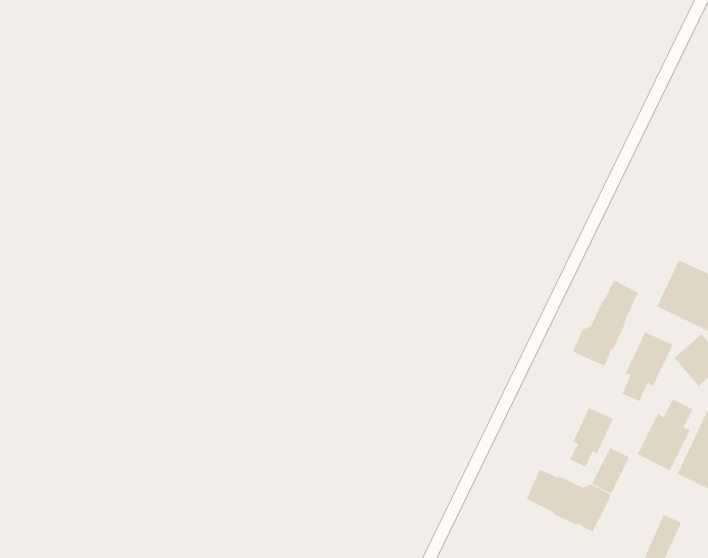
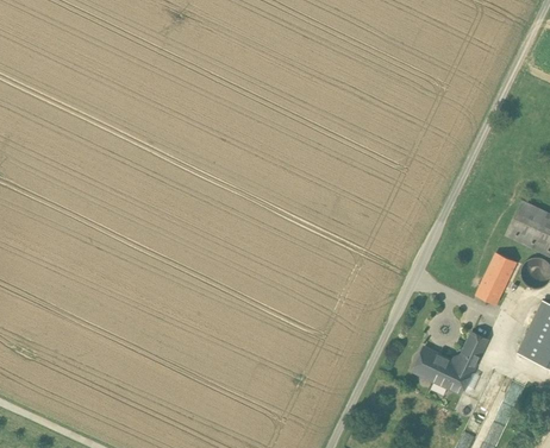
building: [572,280,639,367] -> none
building: [637,398,694,471] -> none
building: [570,407,614,468] -> none

